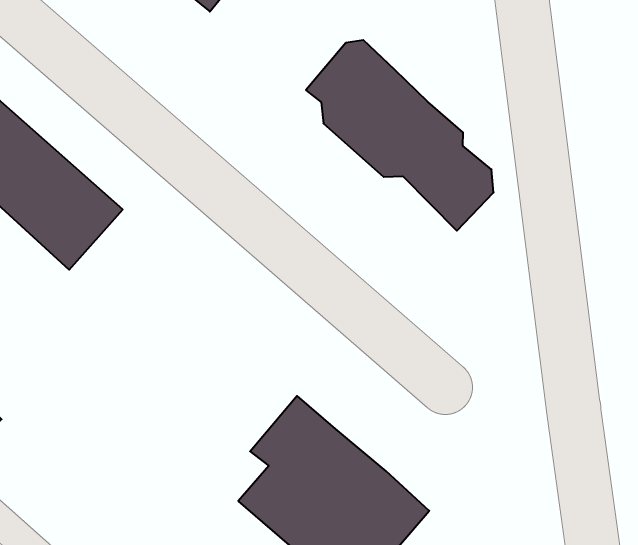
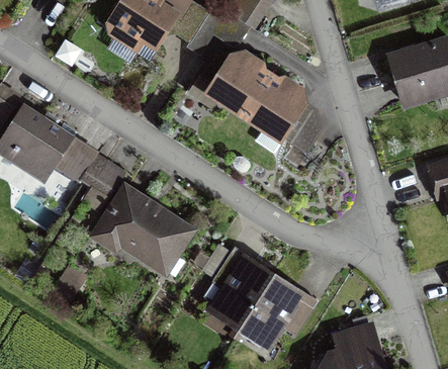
building: none -> [91,181,195,278]

